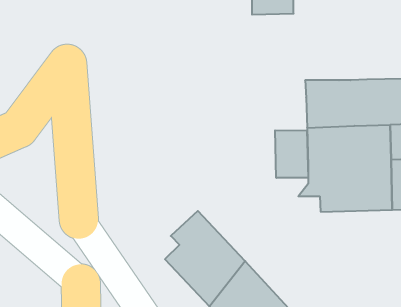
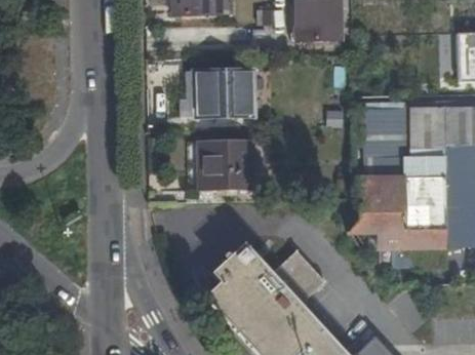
building: none -> [199,69,259,114]
building: none -> [202,140,256,185]
building: [275,130,308,178] -> none

